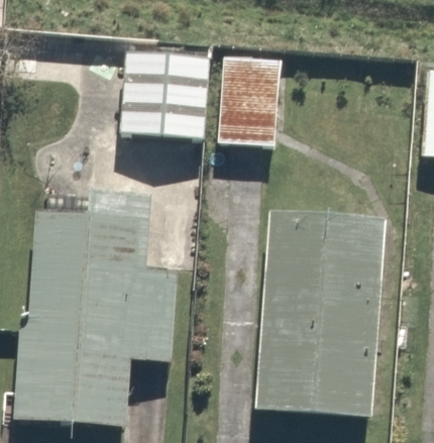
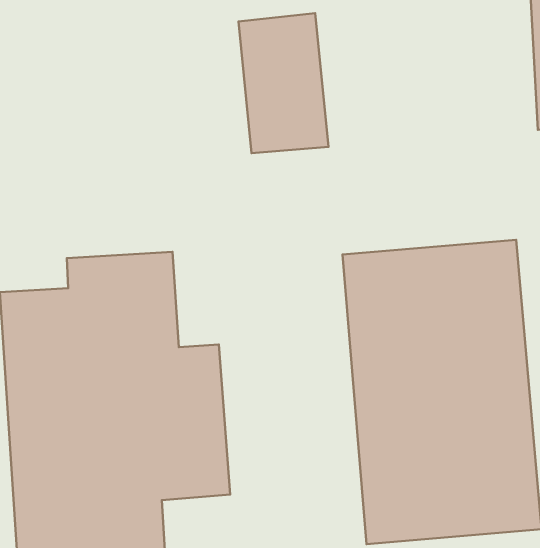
building: [115,43,207,135] -> none

